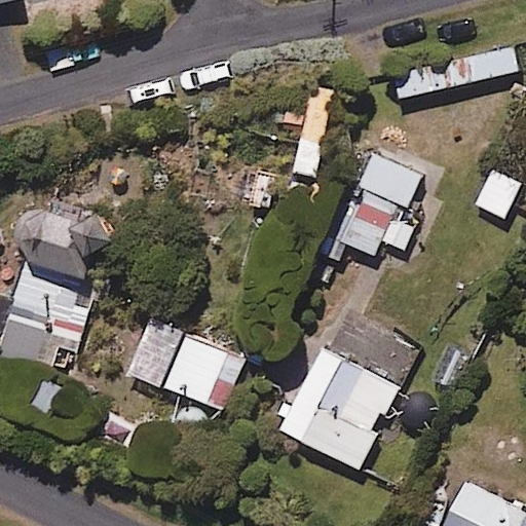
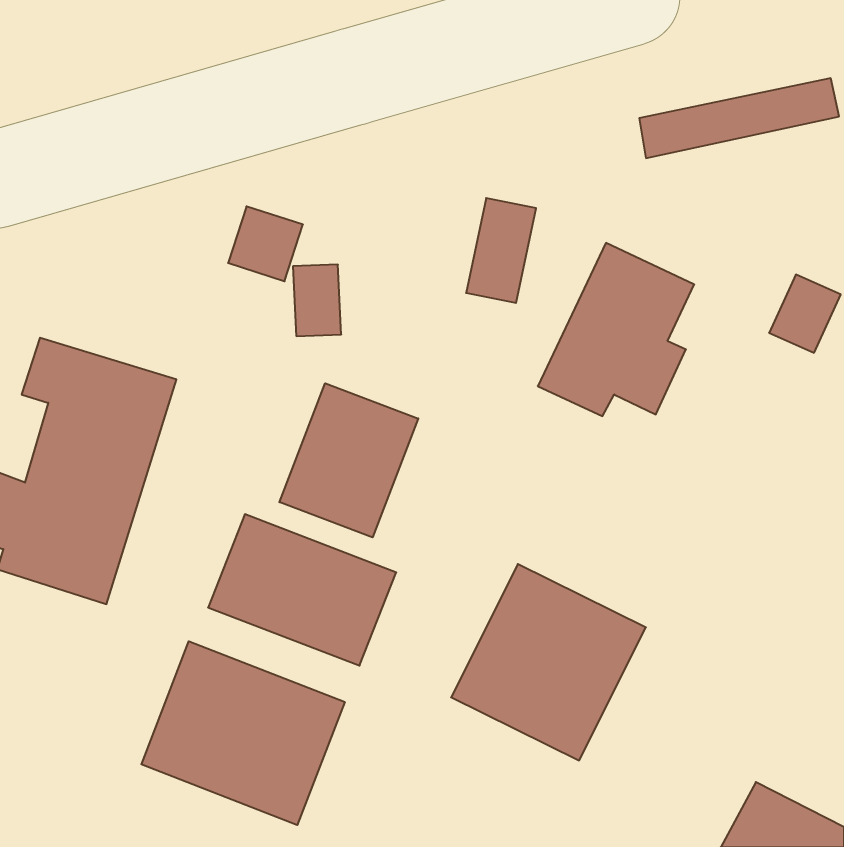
building: none -> [279,383,418,537]
building: none -> [141,641,345,825]

